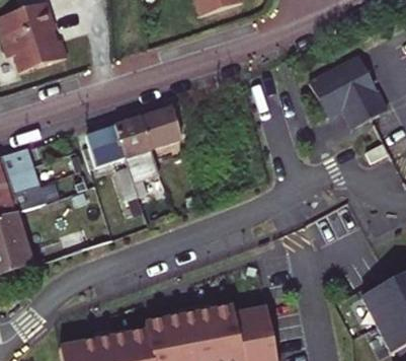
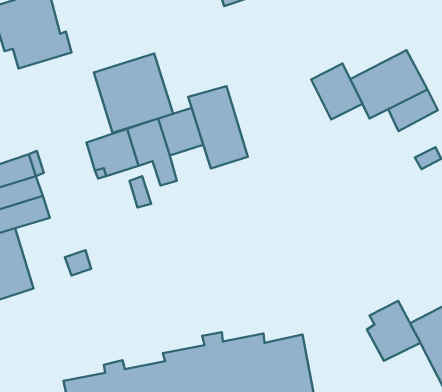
building: none -> [94,53,173,133]
building: none -> [311,64,362,120]
building: none -> [188,86,248,169]
building: none -> [367,301,420,361]

